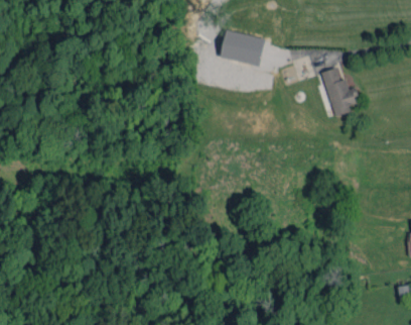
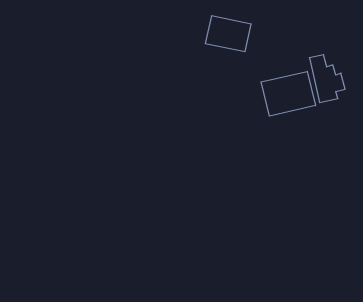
building: none -> [261,71,315,116]

